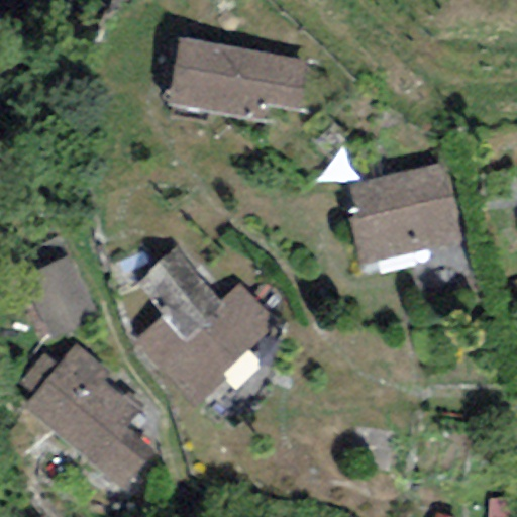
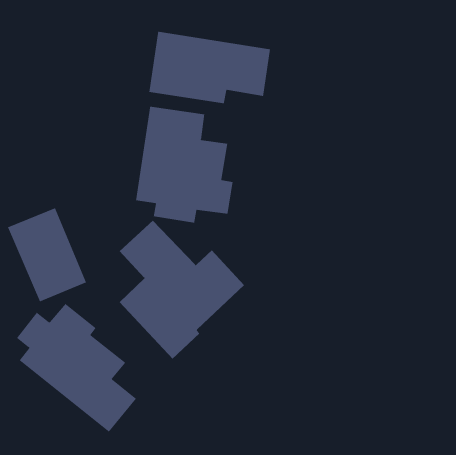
building: none -> [135,106,233,223]
building: [346,162,462,266] -> none

